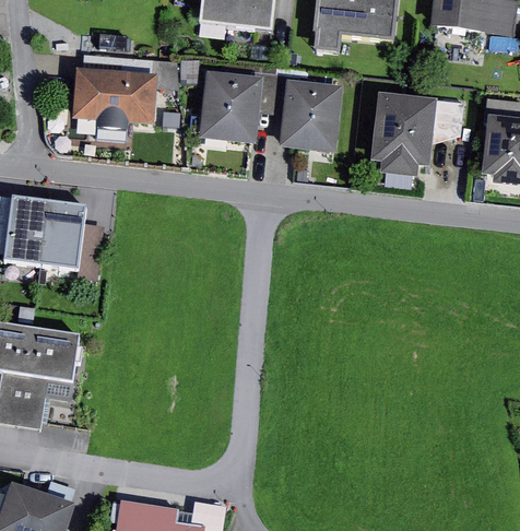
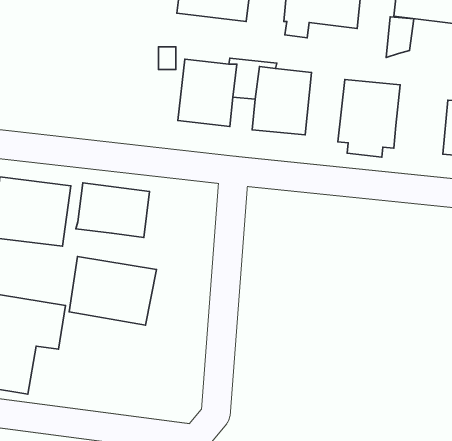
building: [72,52,176,128] -> none
building: [433,98,462,142] -> [386,17,414,58]
building: none -> [76,183,150,238]
building: none -> [69,256,157,325]

